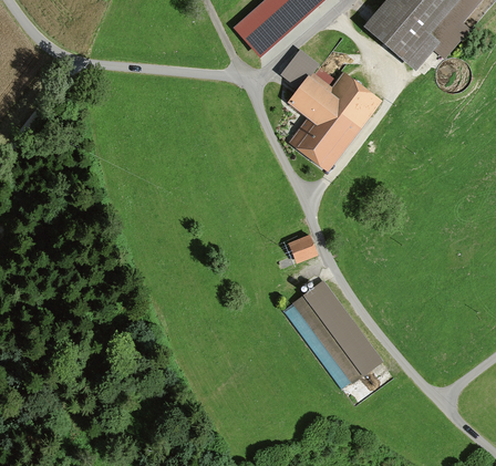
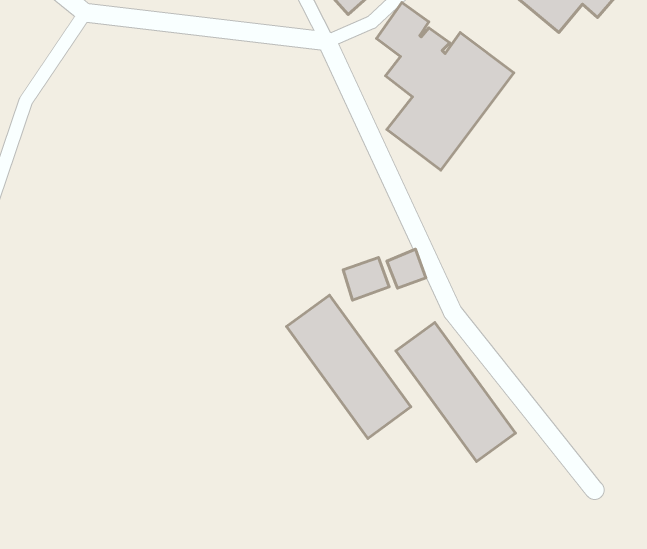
building: none -> [343,258,389,300]
building: none -> [286,295,411,438]

